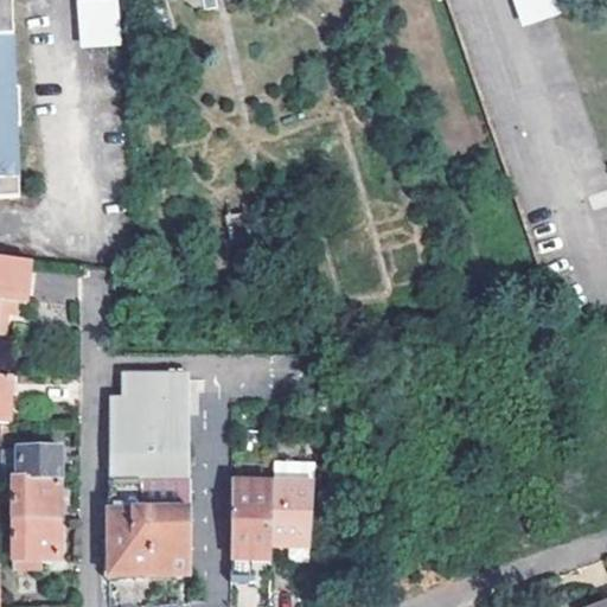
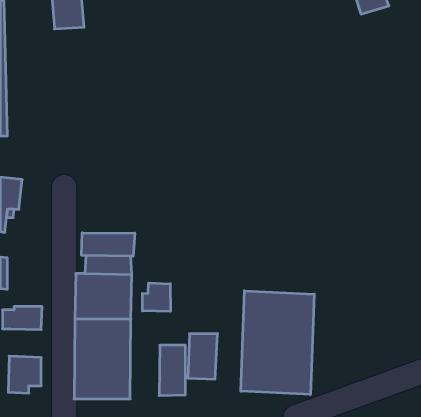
building: none -> [82,233,135,256]
building: none -> [142,283,170,311]
building: none -> [241,291,314,395]
building: [13,473,59,515] -> none

